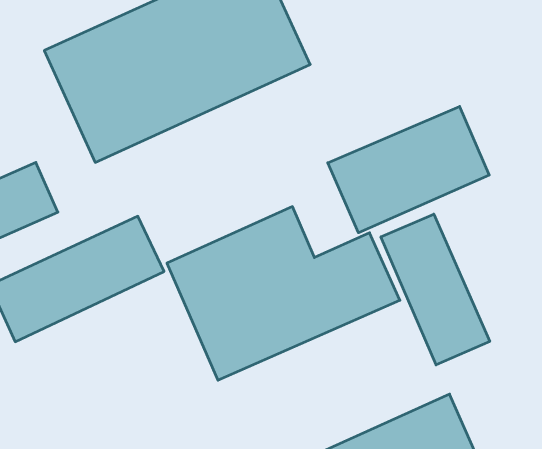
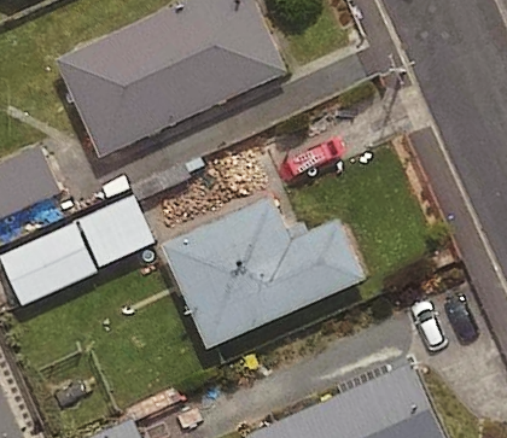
building: [328,106,489,233] -> none
building: [381,214,490,365] -> none

